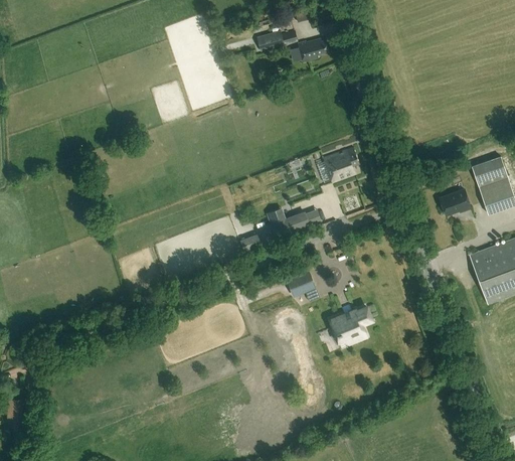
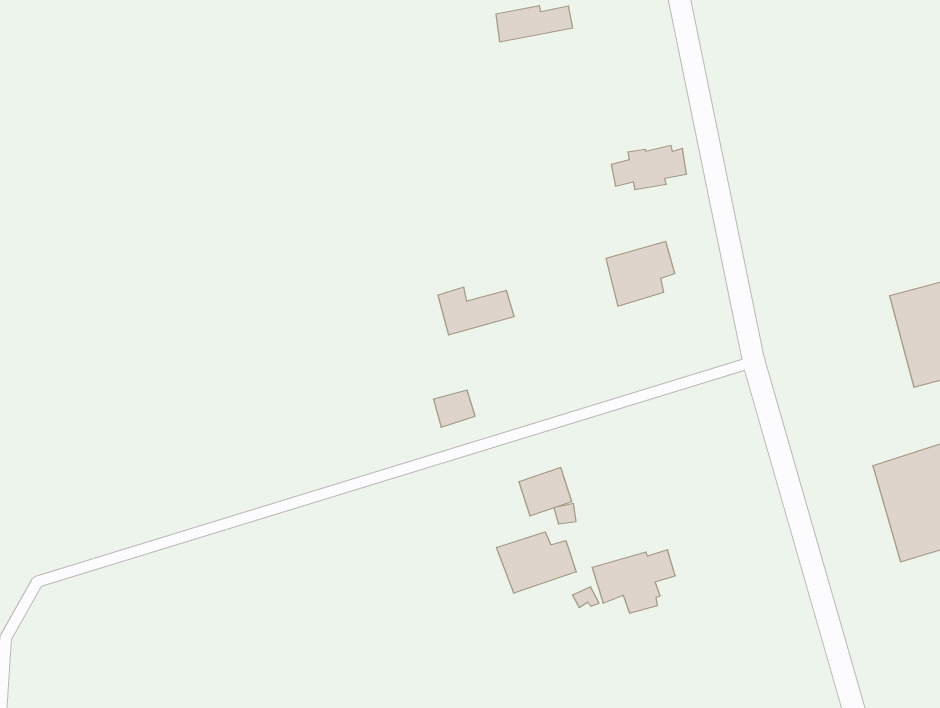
building: [289,37,328,61] -> [611,146,687,190]
building: [439,188,470,213] -> none
building: [269,211,309,237] -> [438,287,514,335]
building: none -> [497,532,576,593]

